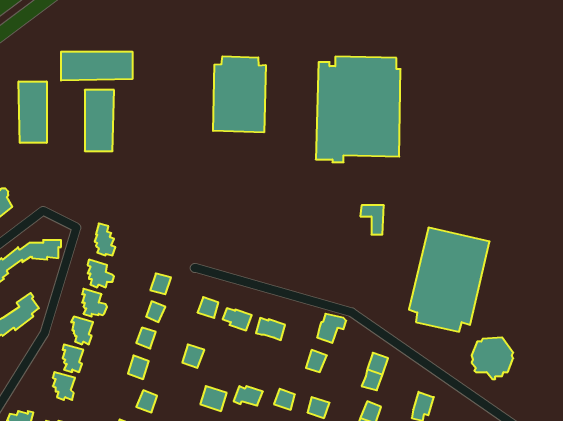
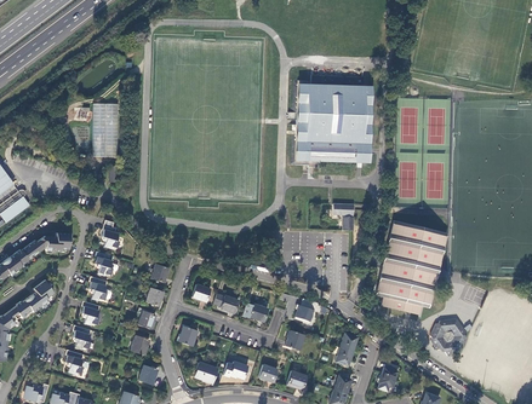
building: [61,52,132,81] -> none
building: [213,56,266,132] -> none
building: [19,81,47,143] -> none

